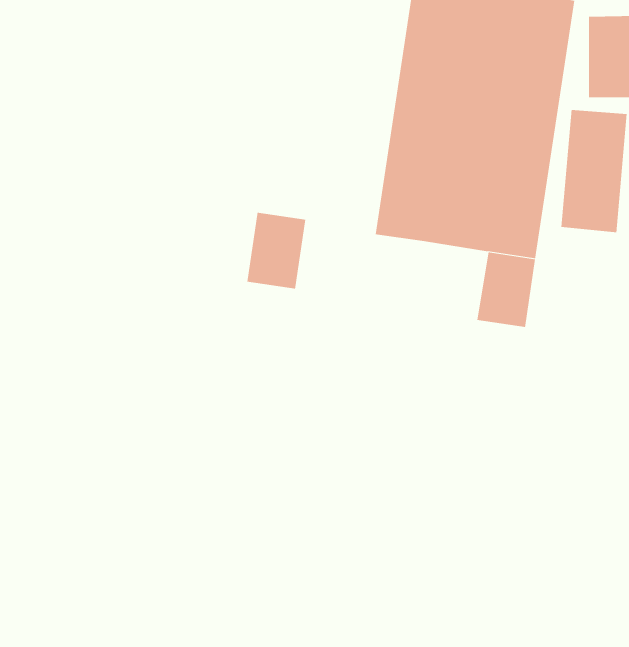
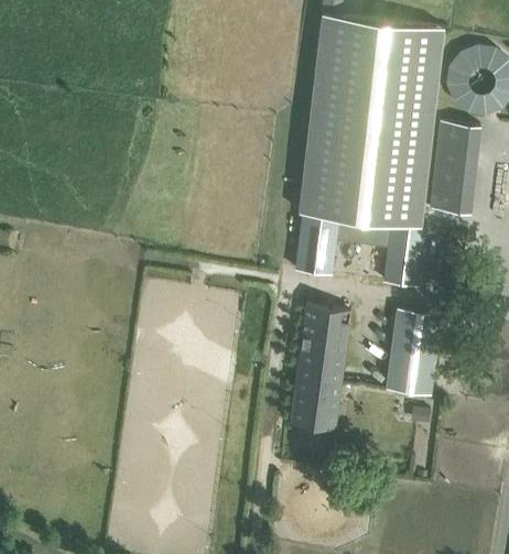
building: [247,212,306,289] -> [283,215,328,273]
building: none -> [293,306,353,430]
building: none -> [389,311,444,395]

